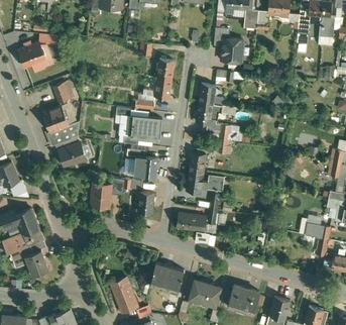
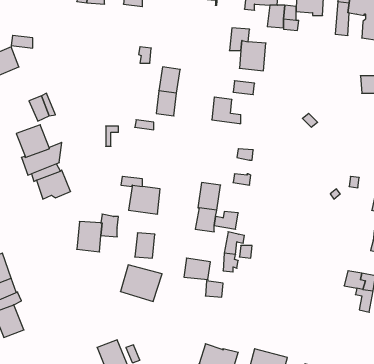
building: [196,102,221,123] -> none
building: [129,115,159,138] -> none
building: [149,263,183,293] -> [120,265,162,301]

